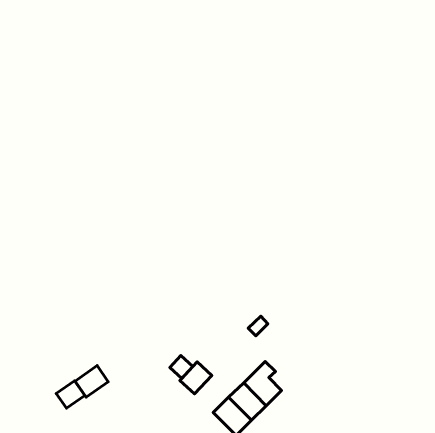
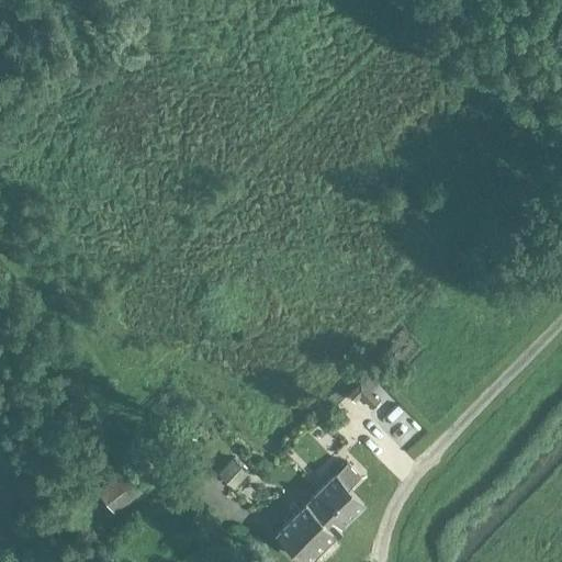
building: [180,362,212,394] -> none
building: [56,381,85,408] -> none

